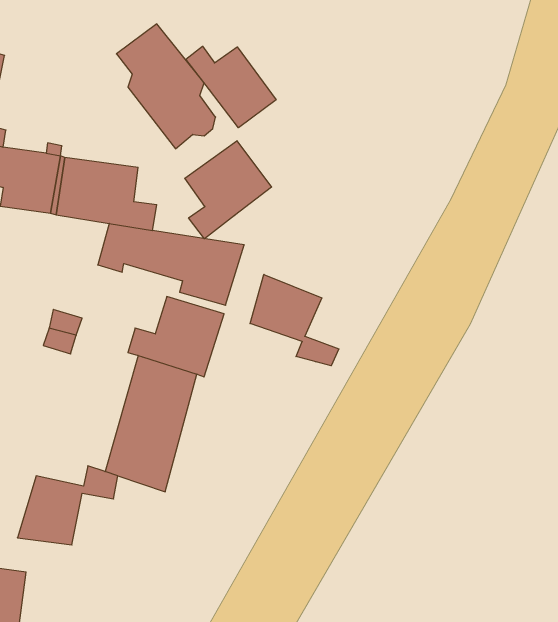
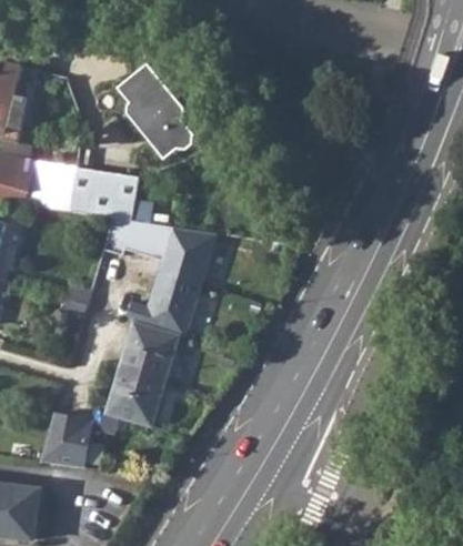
building: [186,46,276,128] -> none
building: [185,141,272,239] -> none
building: [250,274,339,366] -> none

